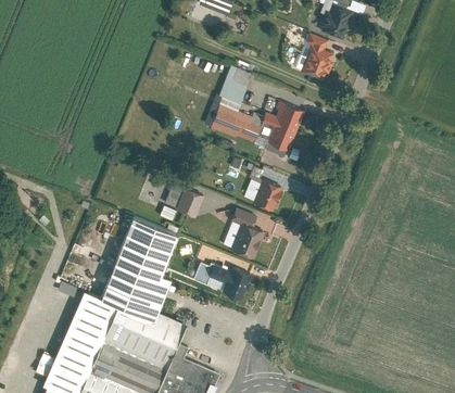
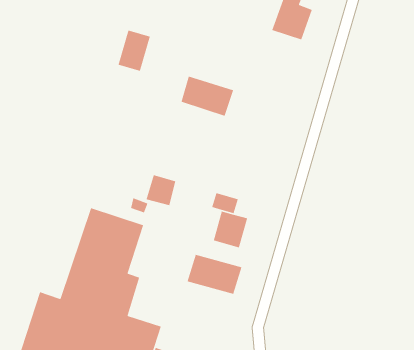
building: [220,66,252,104] -> [117,30,151,72]
building: [263,103,305,153] -> none
building: [254,180,283,211] -> none

